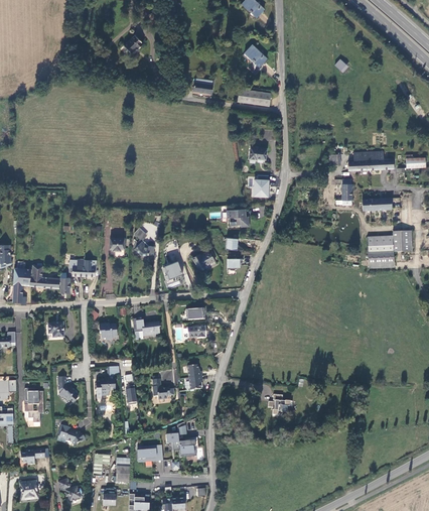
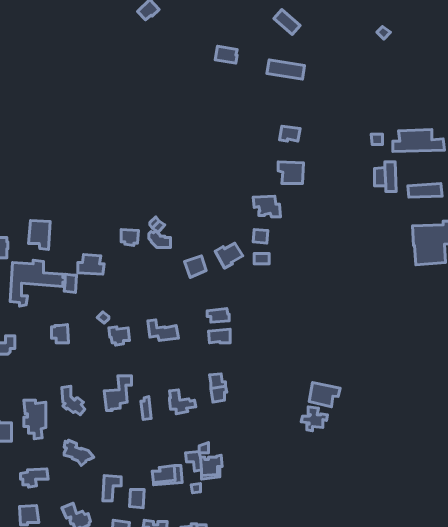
building: none -> [28,221,50,250]
building: none -> [309,383,340,407]

